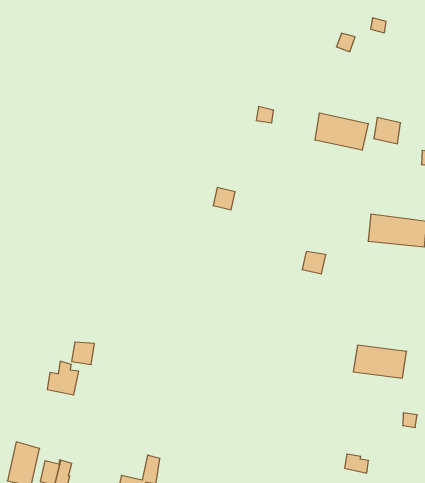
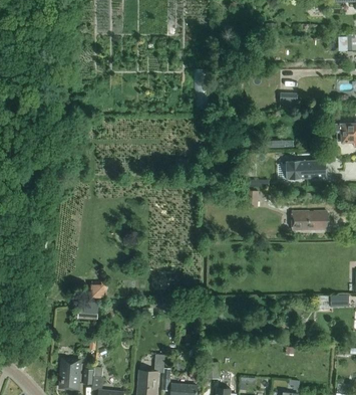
building: [315,113,368,150] -> none
building: [353,345,407,378] -> [292,210,327,230]

